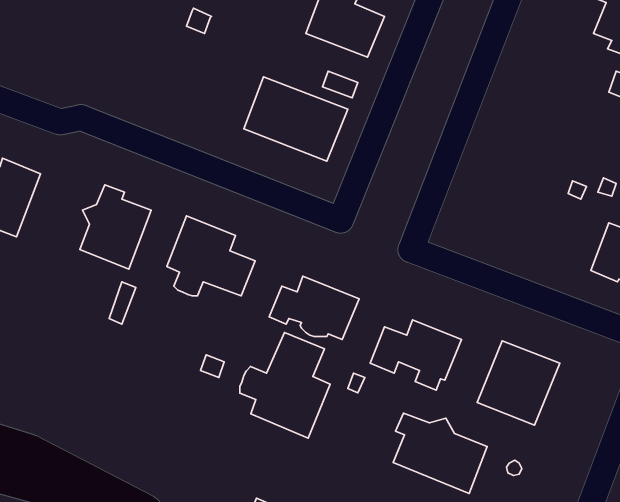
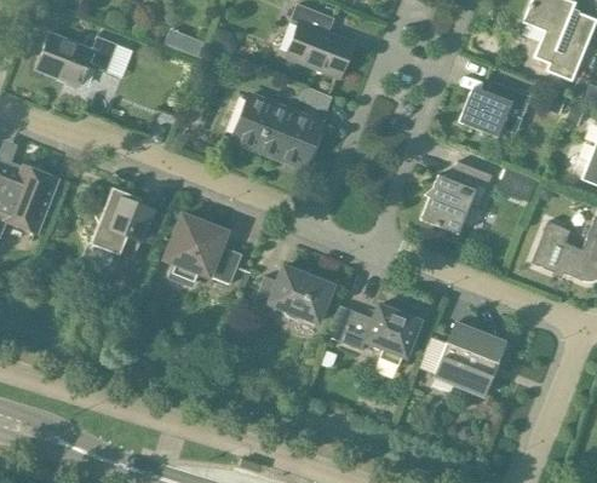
building: none -> [36,34,116,85]
building: none -> [459,82,532,137]
building: none -> [420,160,493,234]
building: [240,332,330,438] -> none
building: [393,413,487,493] -> none

